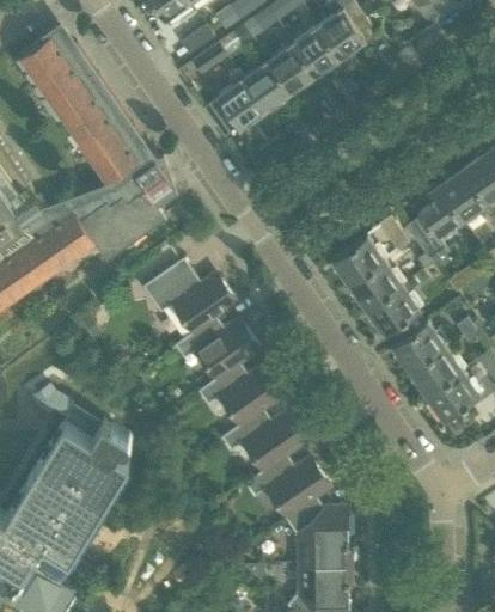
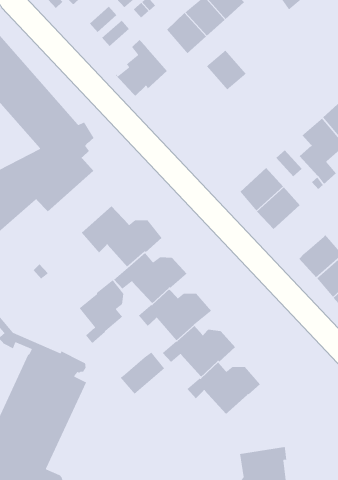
building: [244,63,291,111] -> [206,49,247,90]
building: [367,279,424,342] -> none
building: none -> [78,279,124,344]
building: none -> [120,351,165,395]
building: [285,500,352,567] -> none

